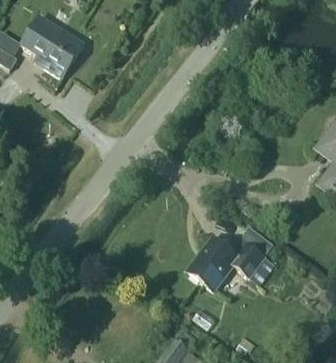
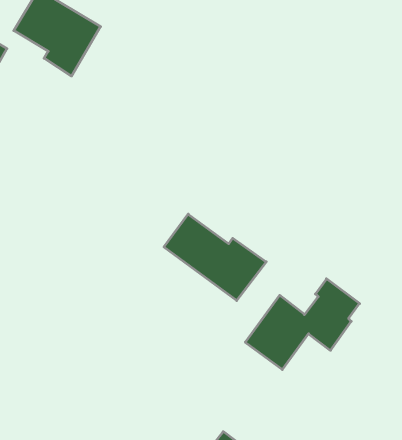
building: none -> [164,214,266,301]

